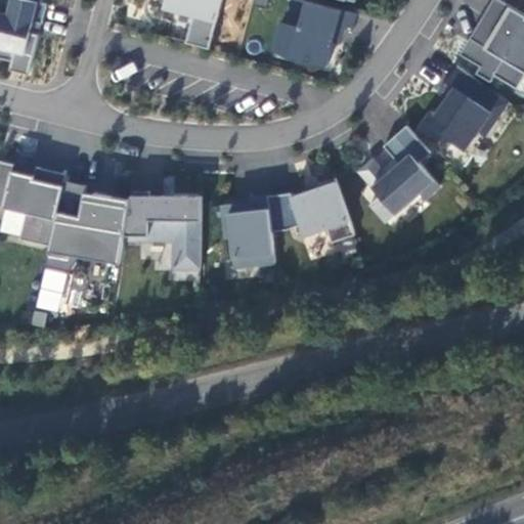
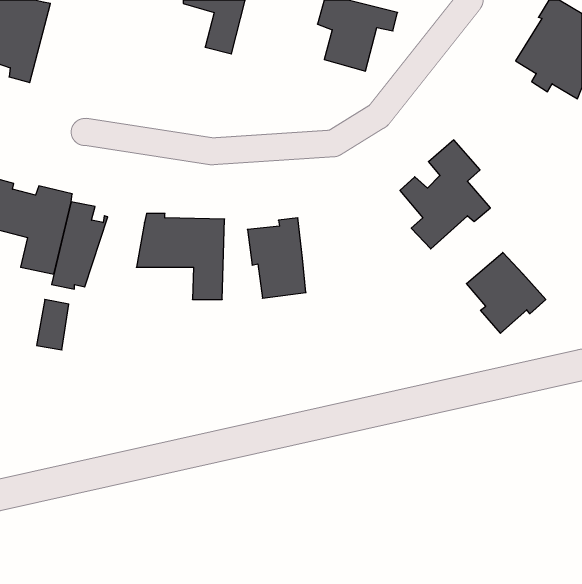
building: [433,68,507,150] -> none
building: [266,179,353,244] -> none
building: [76,195,129,264] -> none
building: none -> [466,252,546,333]

